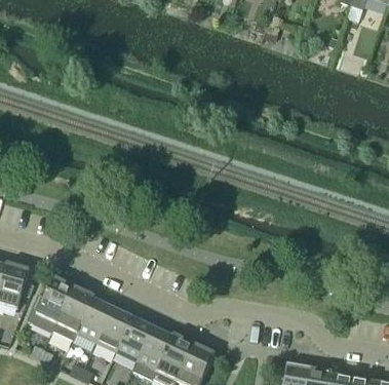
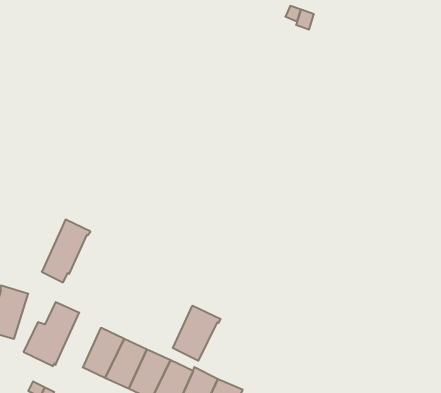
building: none -> [173,306,221,361]
building: [53,285,95,340] -> [42,220,90,282]

